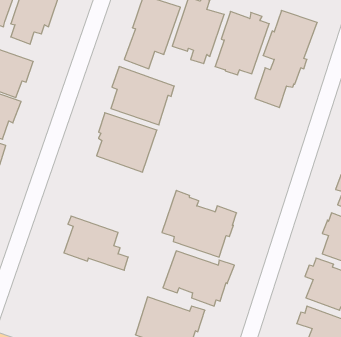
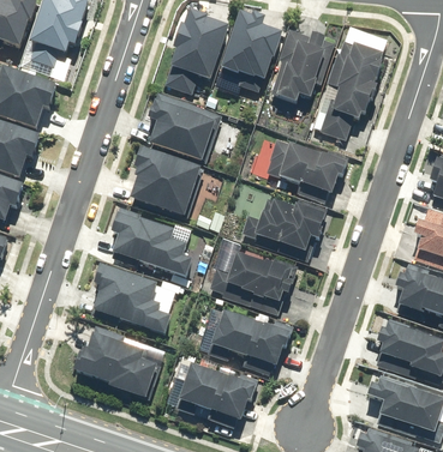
building: none -> [252,133,349,201]
building: none -> [241,194,329,259]
building: none -> [109,207,193,279]
building: none -> [73,325,156,398]

